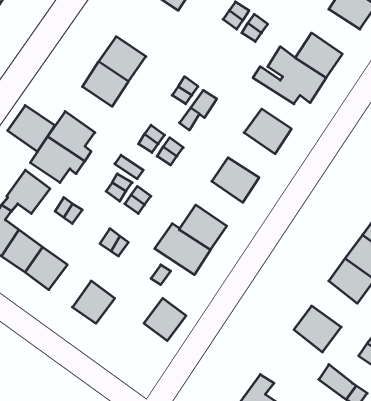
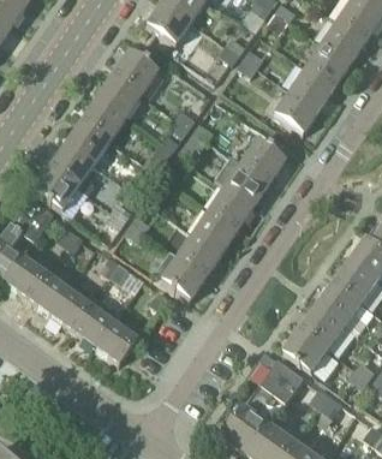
building: none -> [305,41,352,84]
building: none -> [117,47,163,87]
building: [8,105,55,152] -> [67,115,113,160]
building: none -> [215,154,270,203]
building: none -> [193,207,239,250]
building: none -> [52,287,92,328]
building: none -> [305,303,350,347]
building: [144,298,186,341] -> [97,320,138,360]
building: none -> [256,357,308,401]

